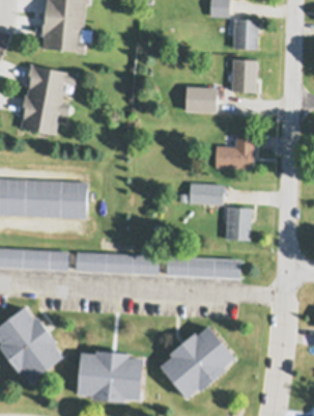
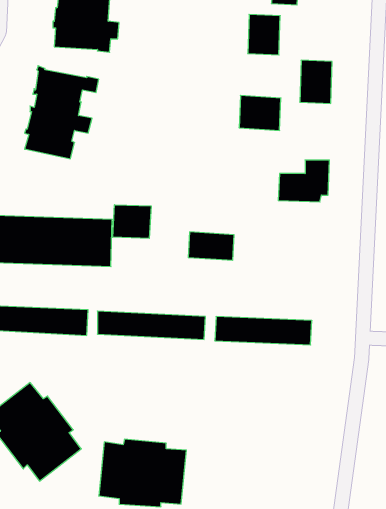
building: [233,19,258,50] -> [248,14,280,55]
building: none -> [113,205,151,238]
building: [189,183,224,204] -> [188,232,234,260]
building: [225,206,251,241] -> none
building: [160,327,235,398] -> none

